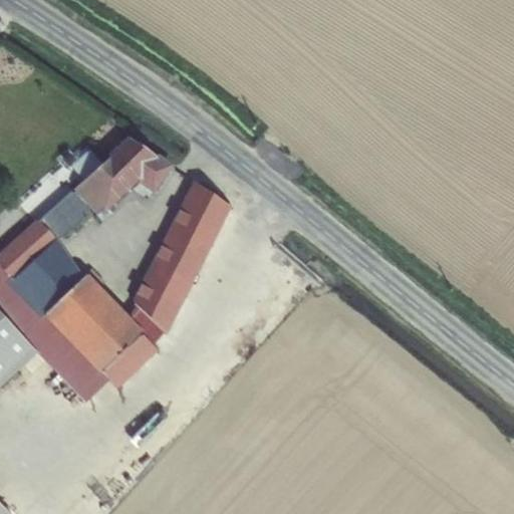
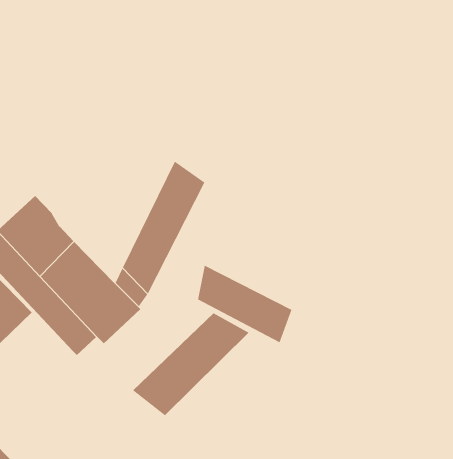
building: [39,139,172,240] -> none
building: none -> [197,265,292,343]
building: none -> [132,313,250,416]

